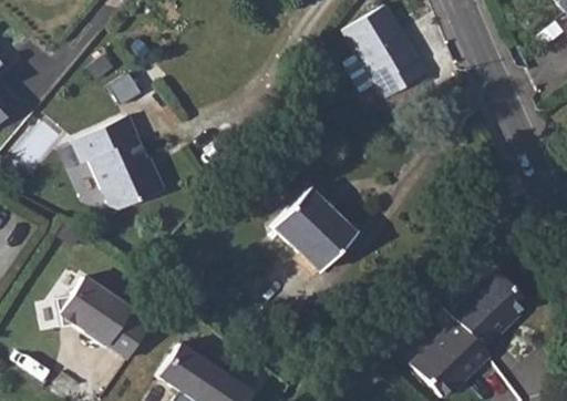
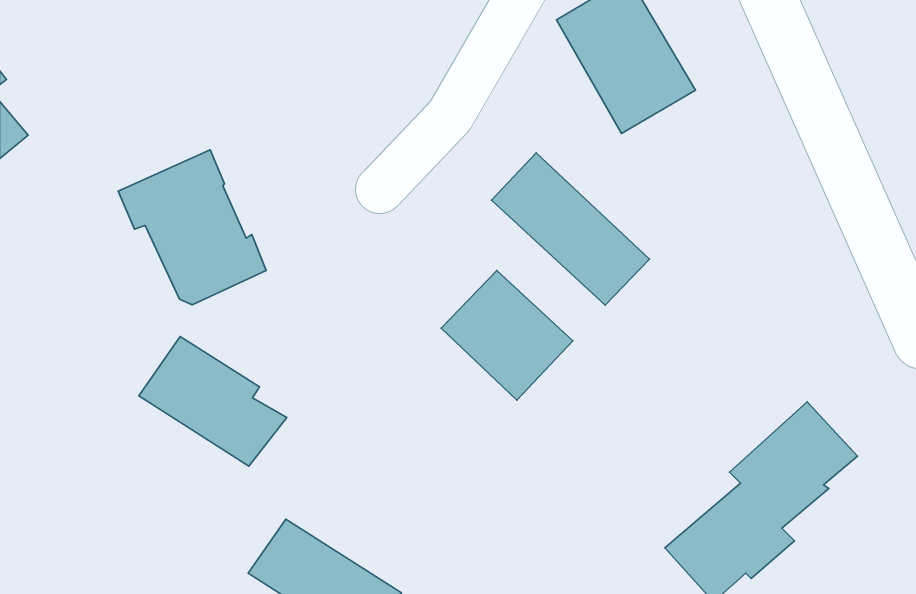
building: none -> [492,153,650,305]
building: [59,277,150,357] -> [139,336,287,466]

